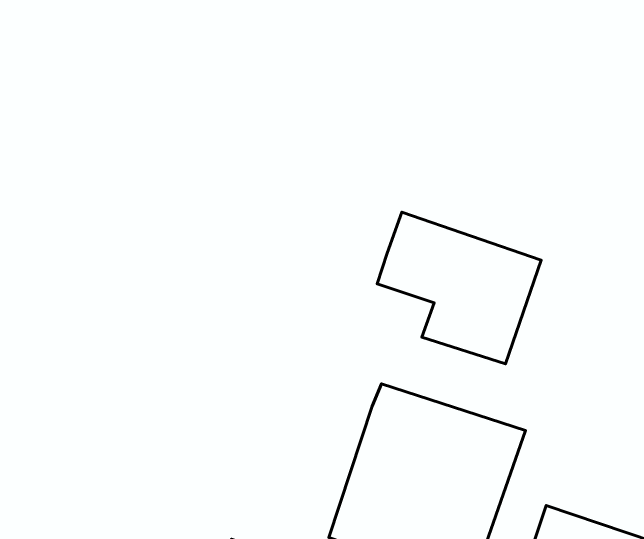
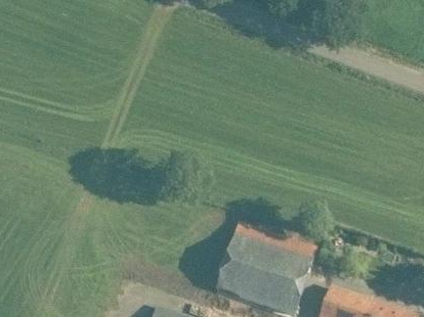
building: [377,212,541,364] -> none

